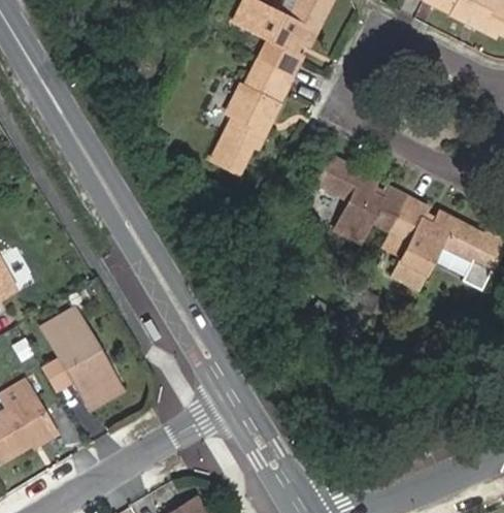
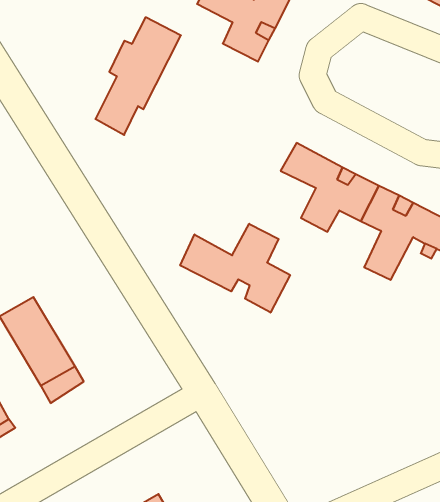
building: [209,61,292,174] -> [95,17,181,135]
building: none -> [180,224,290,313]

